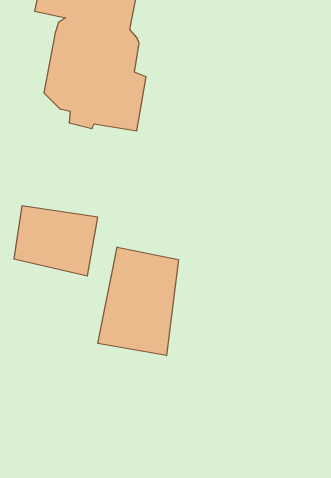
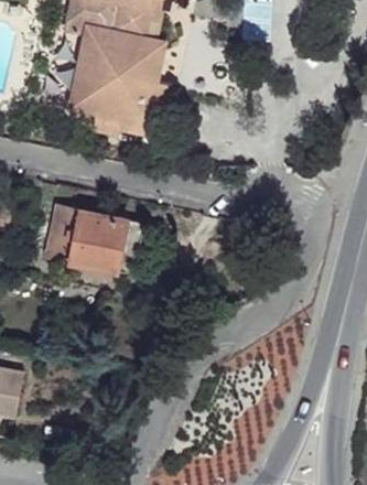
building: [98,247,178,356] -> none

